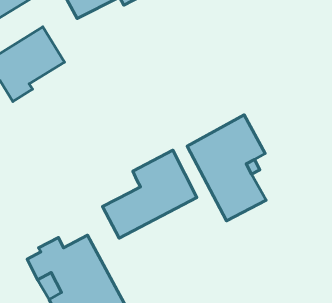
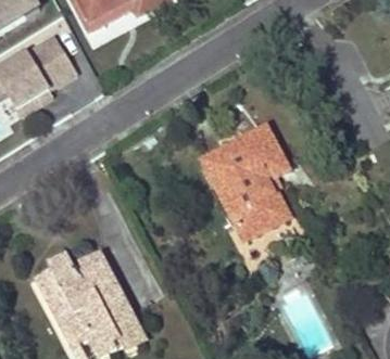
building: [102,150,197,238] -> none

